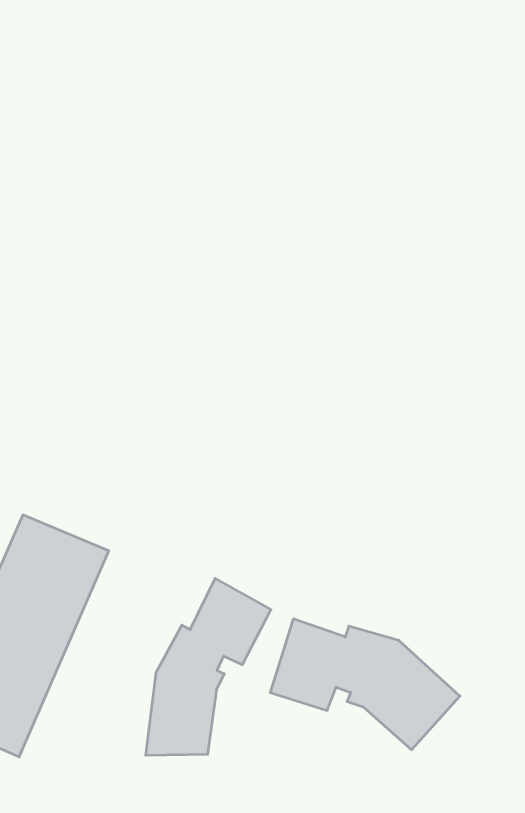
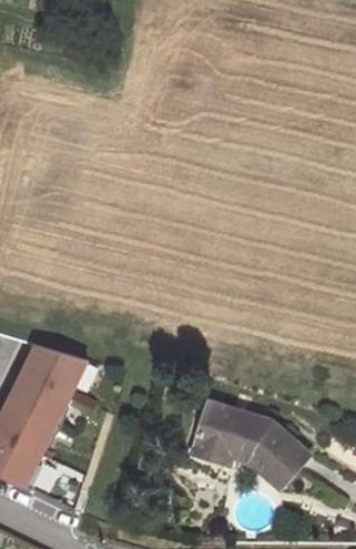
building: [146,578,271,755] -> none

